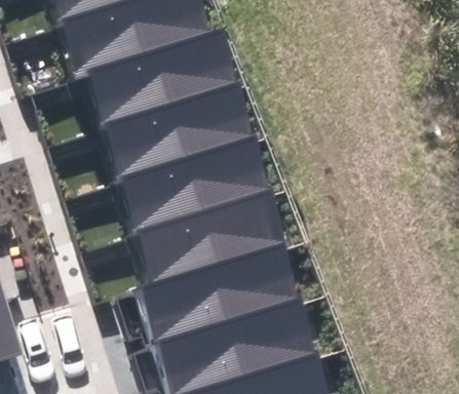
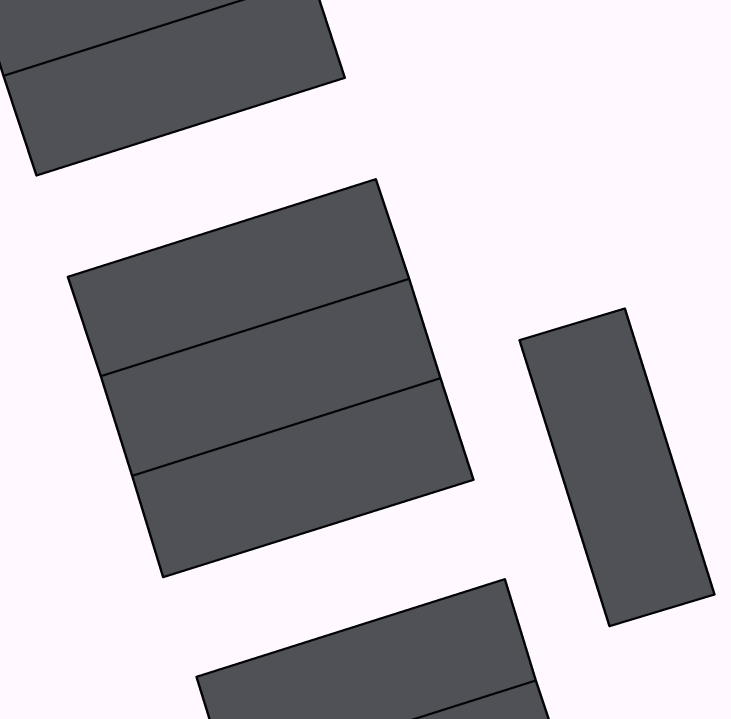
building: [58,41,236,146] -> none
building: none -> [519,308,715,626]
building: [124,252,304,356] -> none

